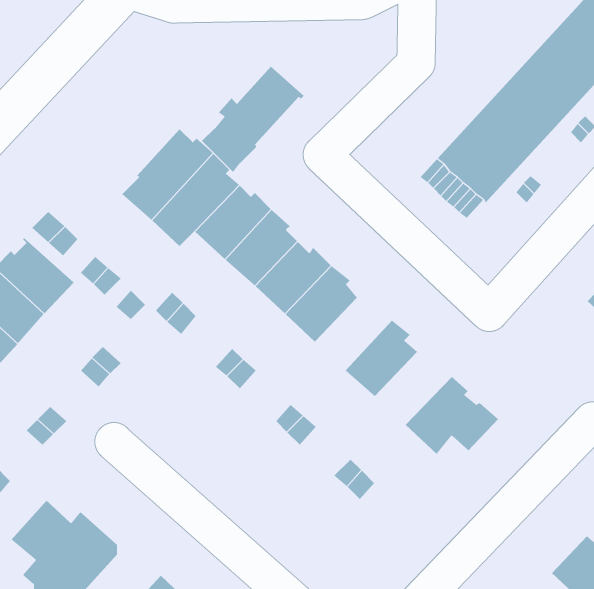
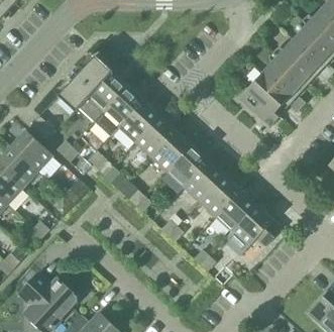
building: [201,66,305,173] -> [58,54,113,112]
building: none -> [183,162,224,202]
building: none -> [215,192,256,231]

